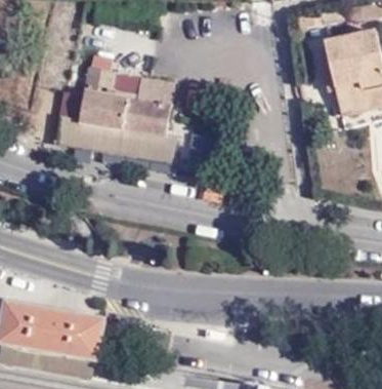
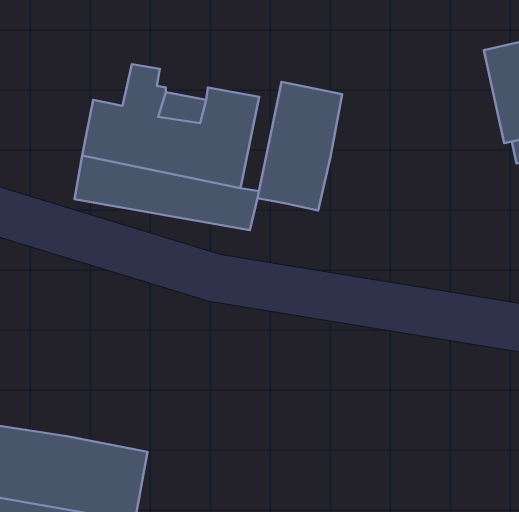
building: none -> [258,82,342,211]

